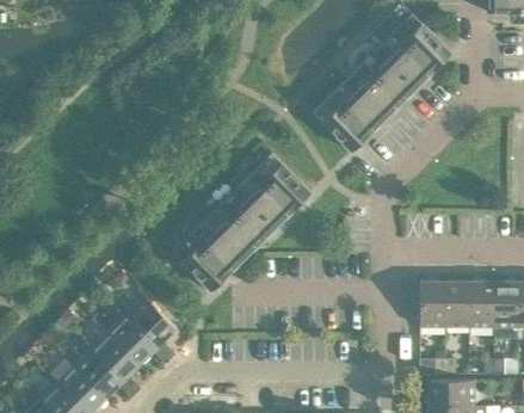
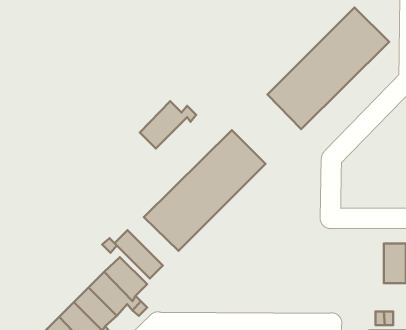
building: none -> [140,101,196,148]
building: none -> [114,230,163,279]
building: [420,282,445,327] -> none

